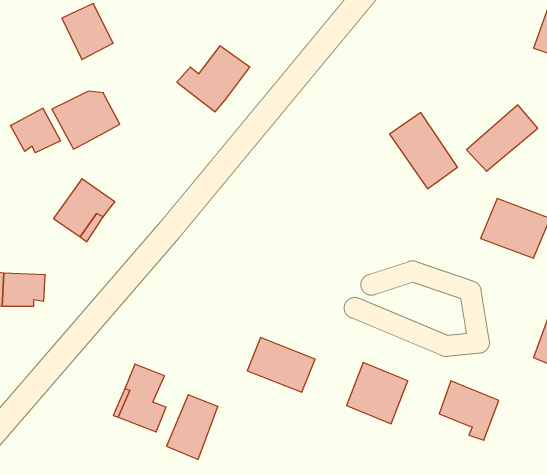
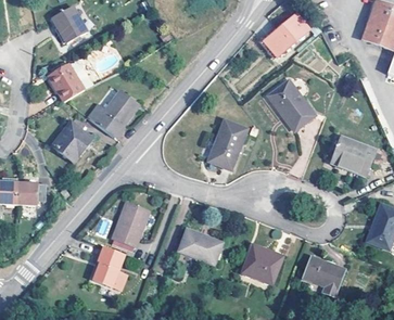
building: [177,46,250,112] -> [89,94,137,138]
building: [467,105,538,171] -> [263,13,309,56]
building: [10,108,61,153] -> none
building: none -> [212,117,250,166]
building: [167,395,218,459] -> [113,203,147,245]

